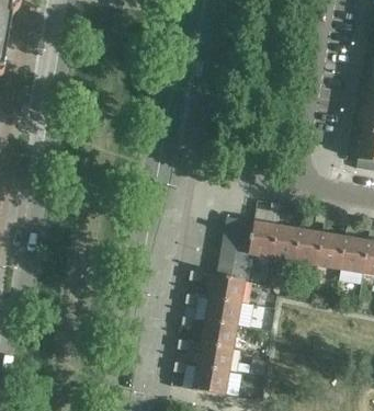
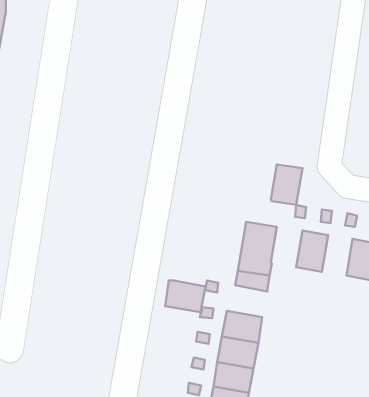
building: [248,220,276,256] -> [271,164,302,205]
building: [294,228,321,264] -> none
building: [208,273,245,301] -> [165,280,206,312]

